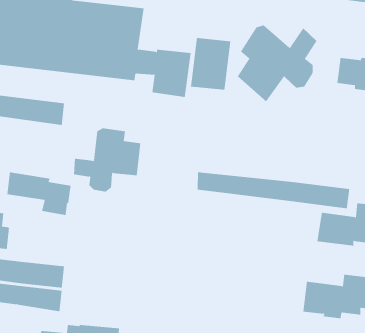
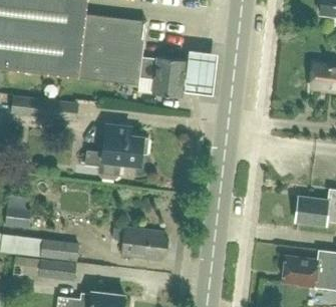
building: [237,24,317,102] -> none
building: [7,171,71,216] -> none
building: [197,172,350,209] -> none
building: none -> [121,228,167,260]

